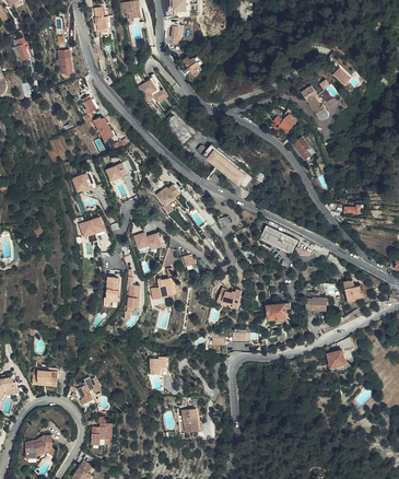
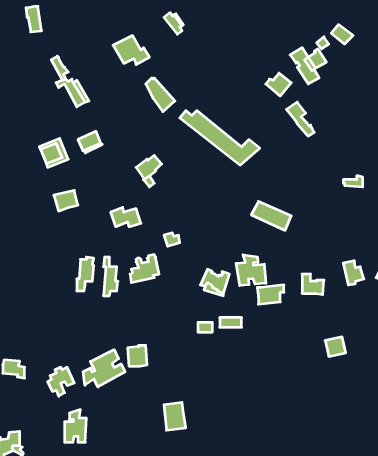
building: none -> [236,255,266,286]
building: none -> [83,350,125,387]

